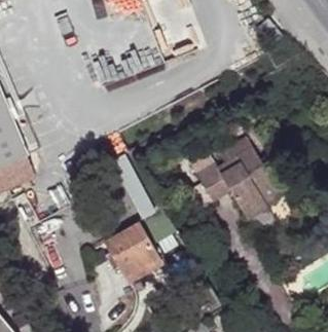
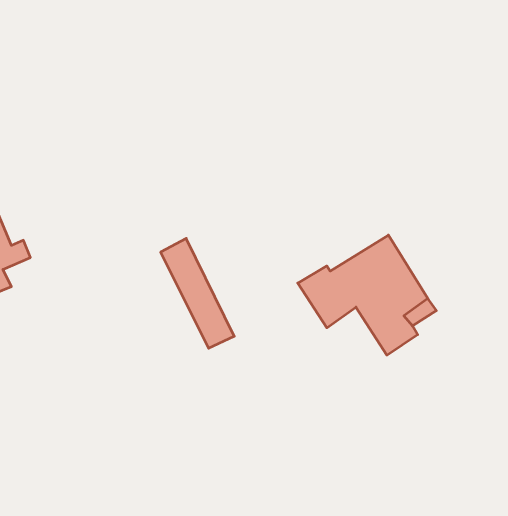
building: [109,222,163,280] -> none

